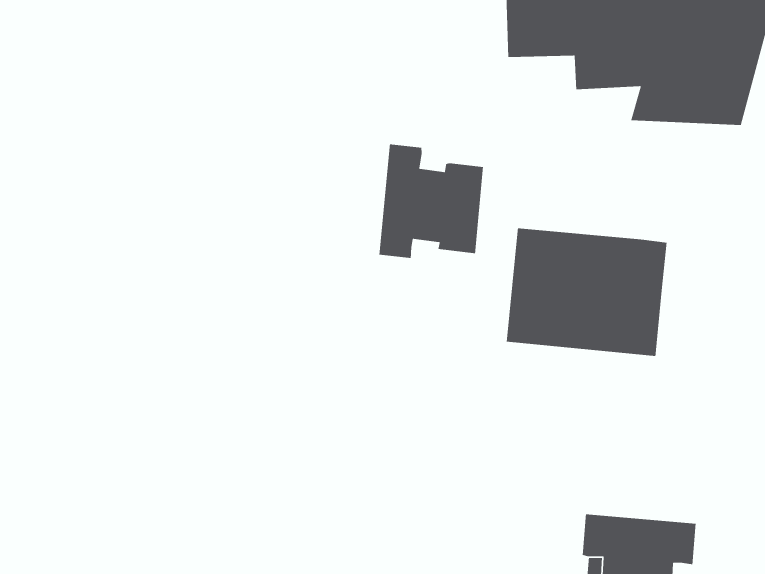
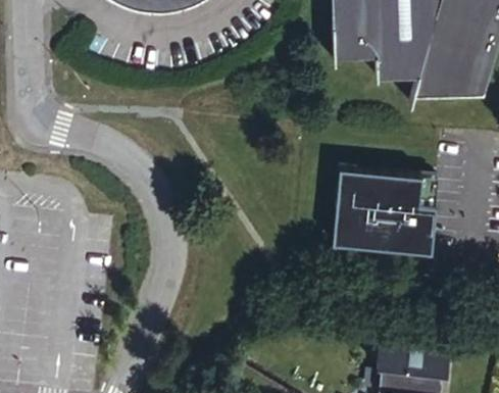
building: [378,143,484,259] -> none

